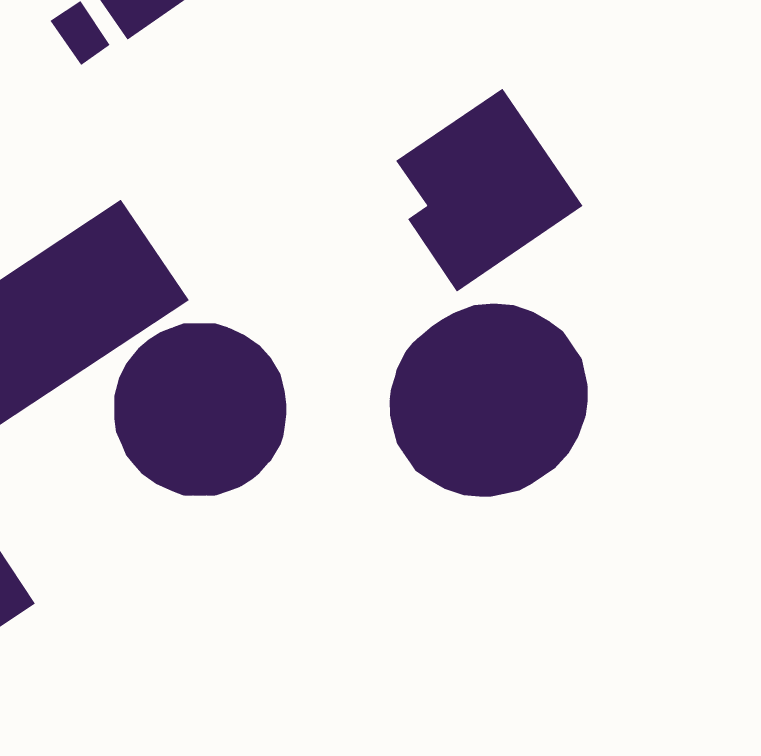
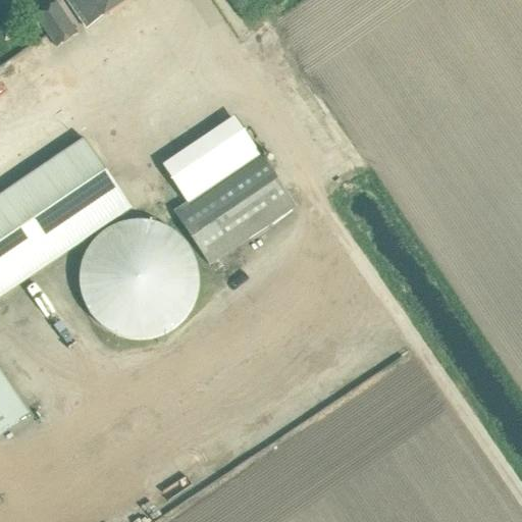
building: [395,88,583,292] -> [168,121,297,261]
building: [389,303,588,498] -> none

